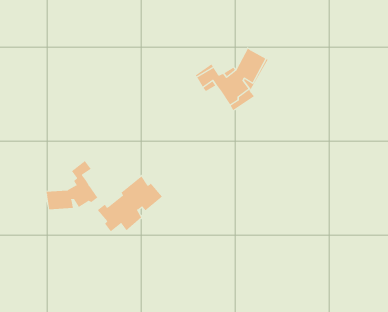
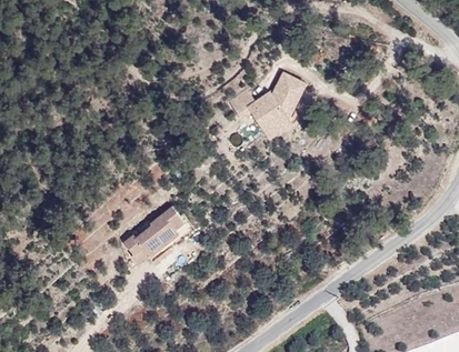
building: [46,160,98,210] -> none

